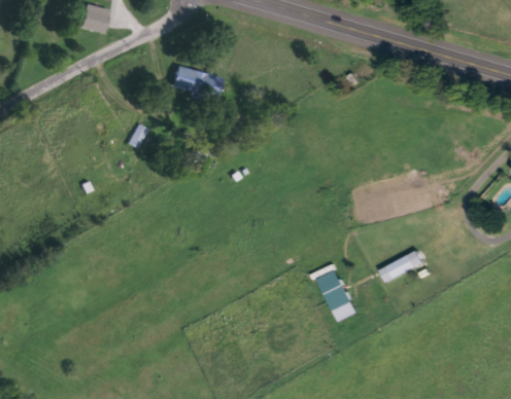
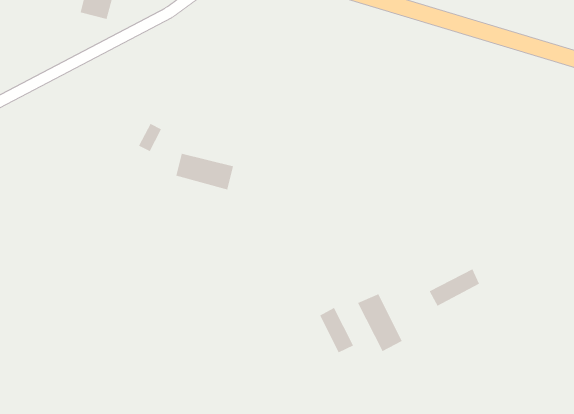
building: [171,66,222,98] -> [175,153,234,190]
building: none -> [320,307,354,353]

